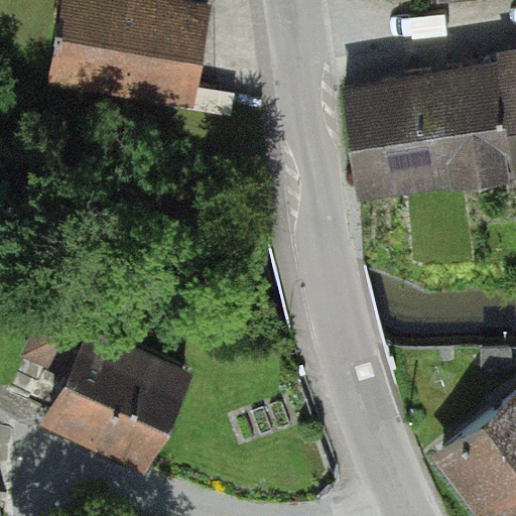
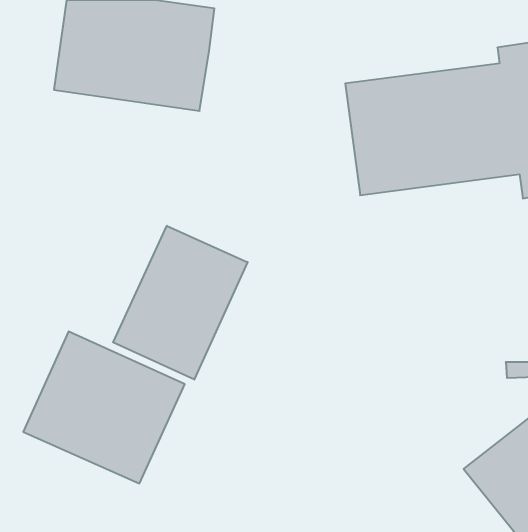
building: none -> [113,226,248,380]

